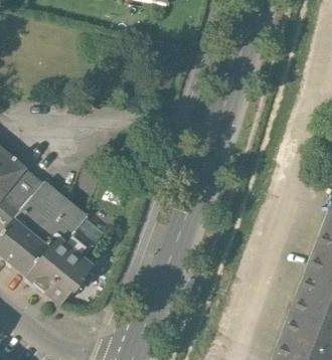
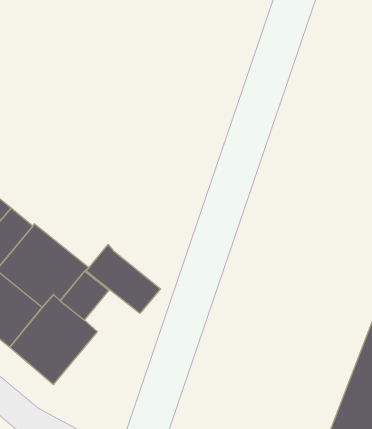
building: none -> [86,245,160,313]

